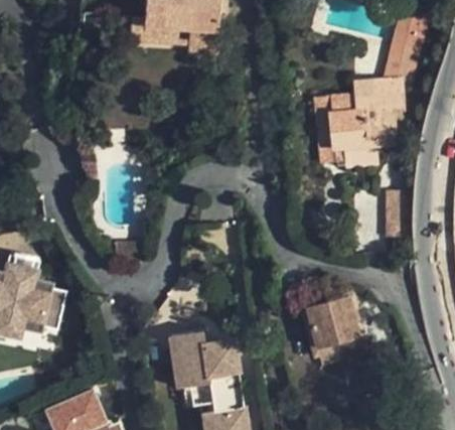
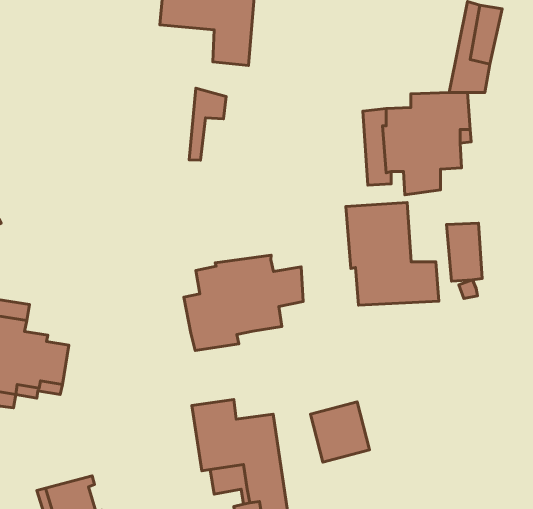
building: none -> [189,88,226,160]
building: none -> [346,202,439,305]
building: none -> [184,255,303,350]
building: [313,299,361,348] -> [310,402,370,462]

